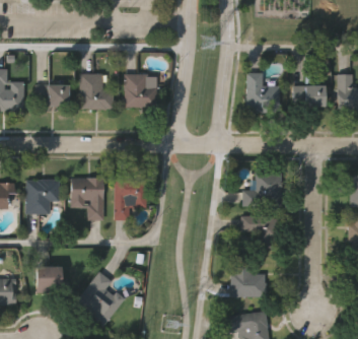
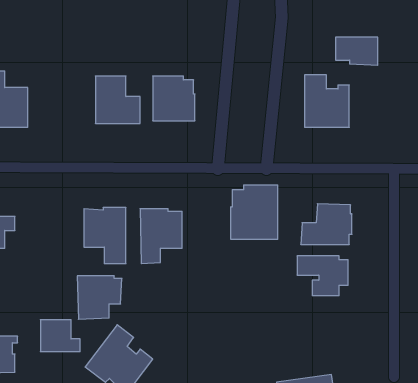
building: [37,85,70,106] -> none
building: [292,85,326,108] -> [336,37,378,65]
building: none -> [231,185,278,239]
building: [24,179,60,213] -> [77,276,122,319]
building: [230,260,264,297] -> none

